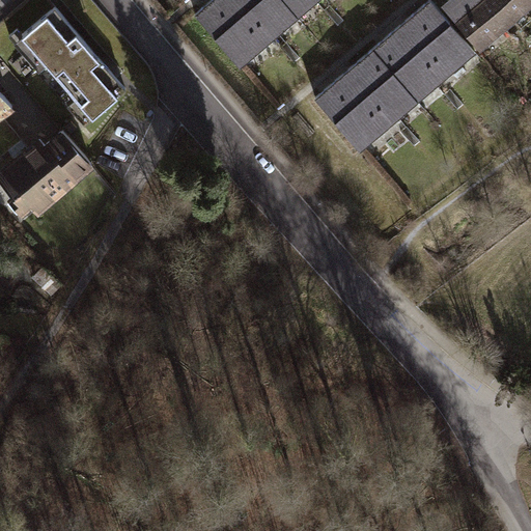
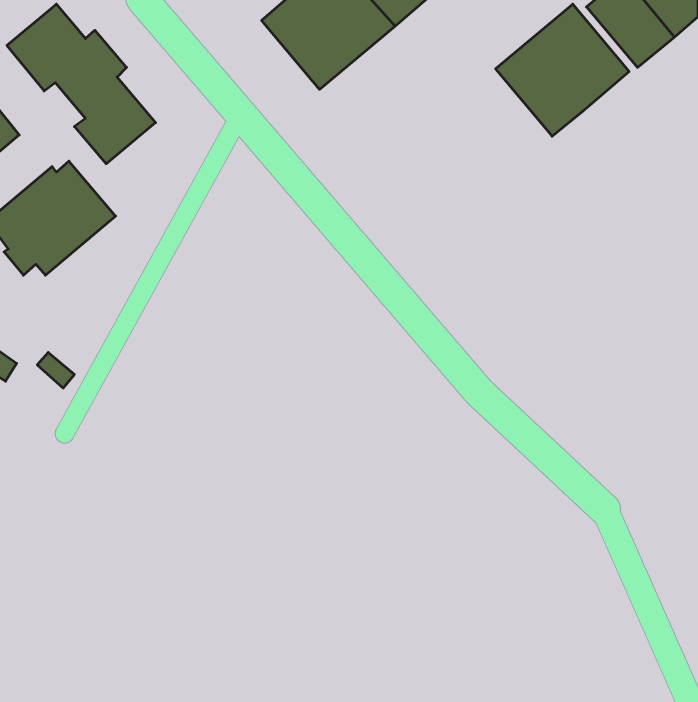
building: [315,52,416,151] -> none

